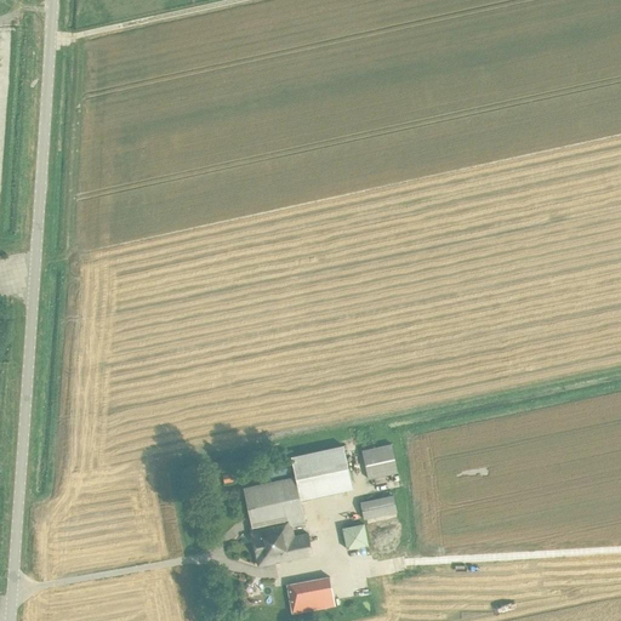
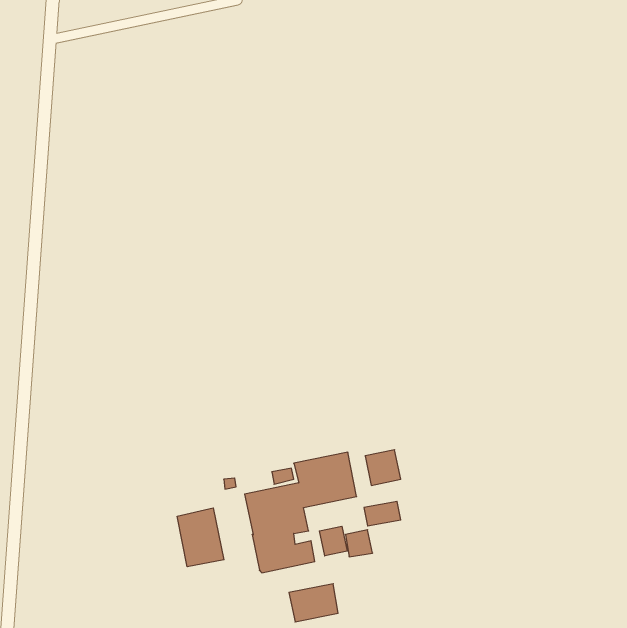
building: none -> [177,508,224,567]
building: none -> [319,526,347,556]

